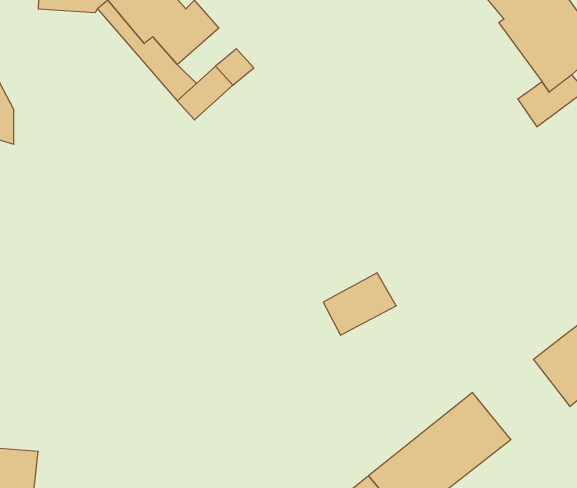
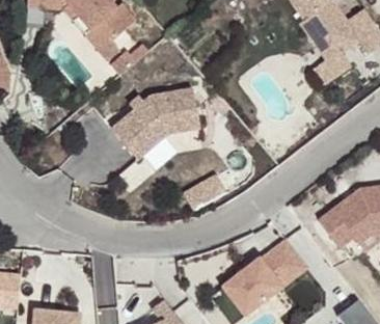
building: none -> [114,89,201,161]

